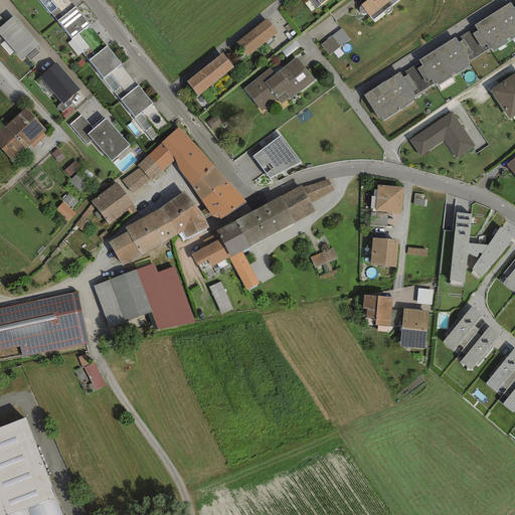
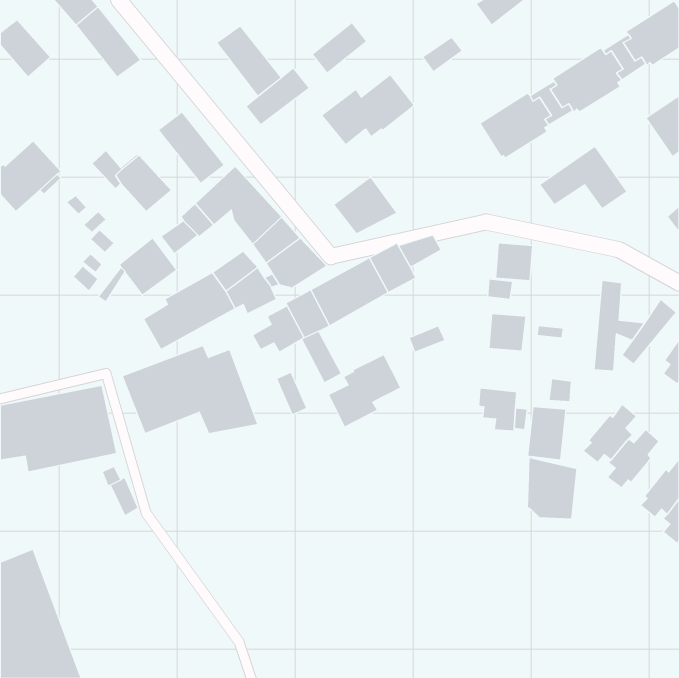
building: [89,45,138,99] -> [216,26,282,96]
building: [39,61,79,104] -> none
building: none -> [329,355,401,427]
building: none -> [527,458,577,519]

